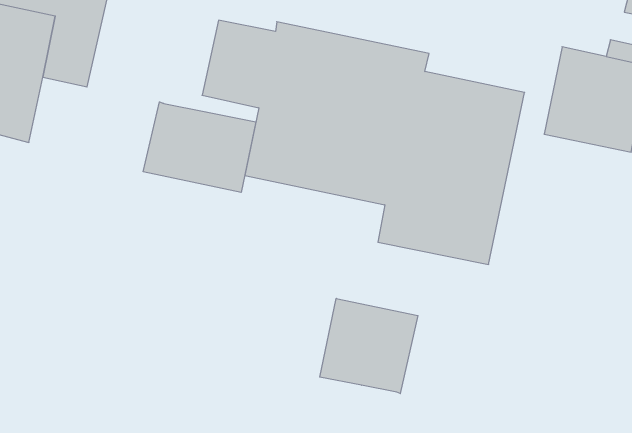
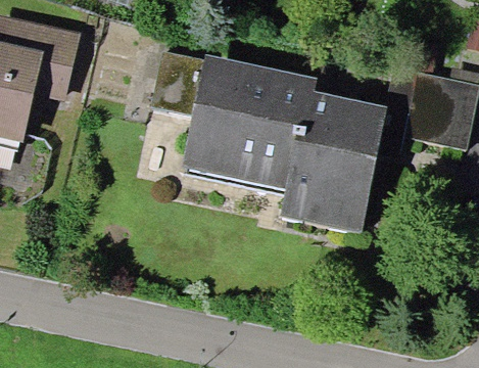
building: [143,102,256,192] -> none
building: [320,298,418,394] -> none

